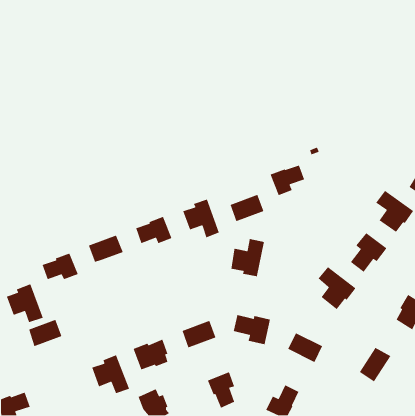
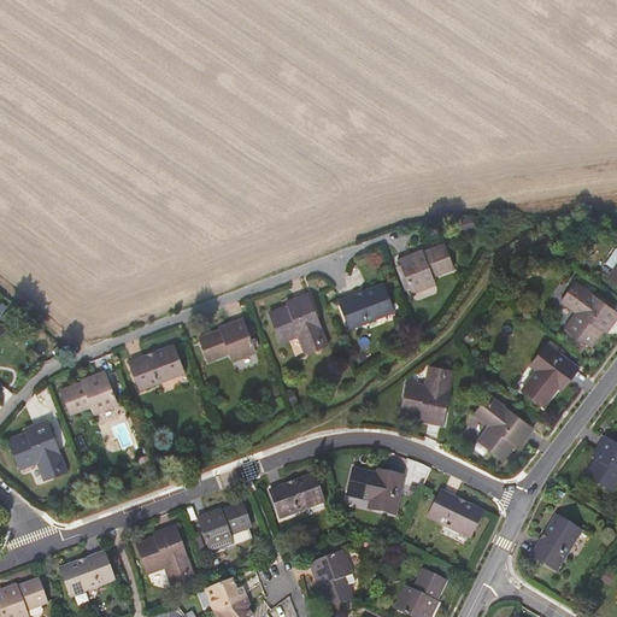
building: [231,238,265,277] -> [400,365,451,423]
building: [28,319,62,347] -> [63,552,113,594]

